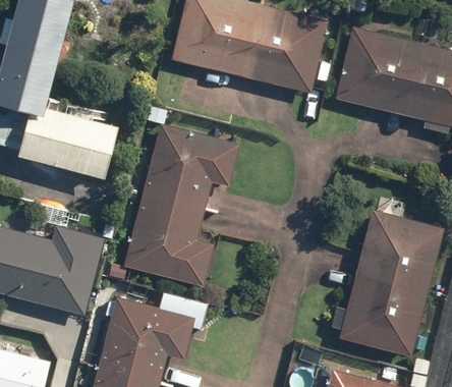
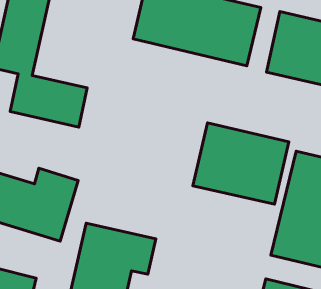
building: [127,118,241,280] -> none
building: none -> [193,123,289,204]

